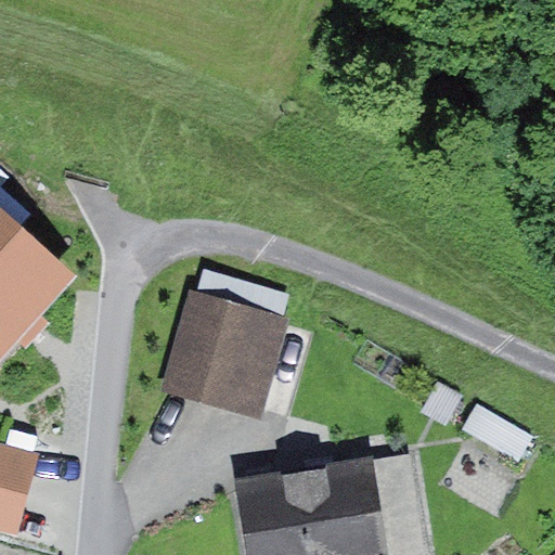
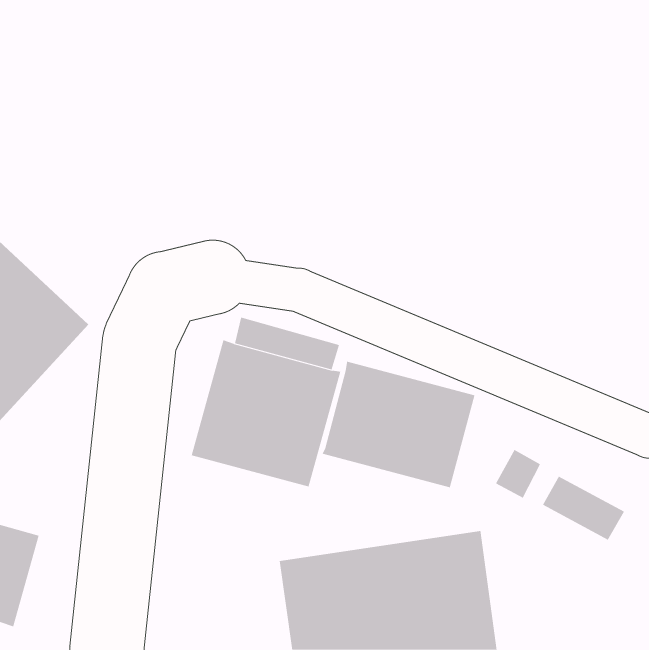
building: none -> [322,361,475,488]

